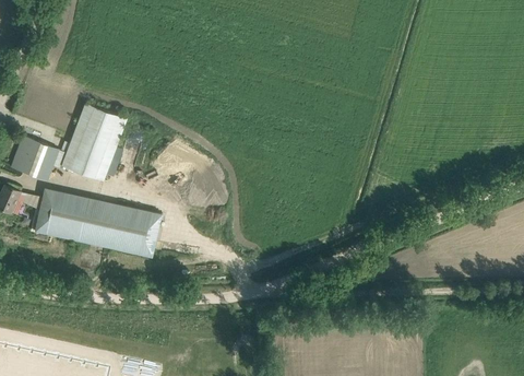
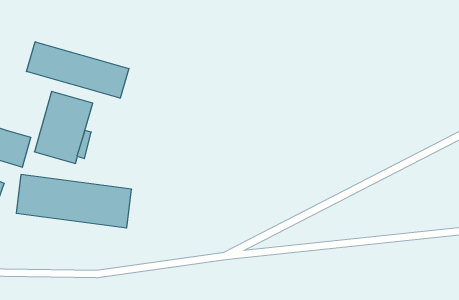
building: none -> [26,42,129,98]

